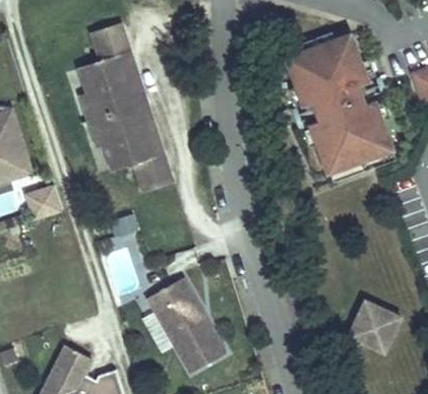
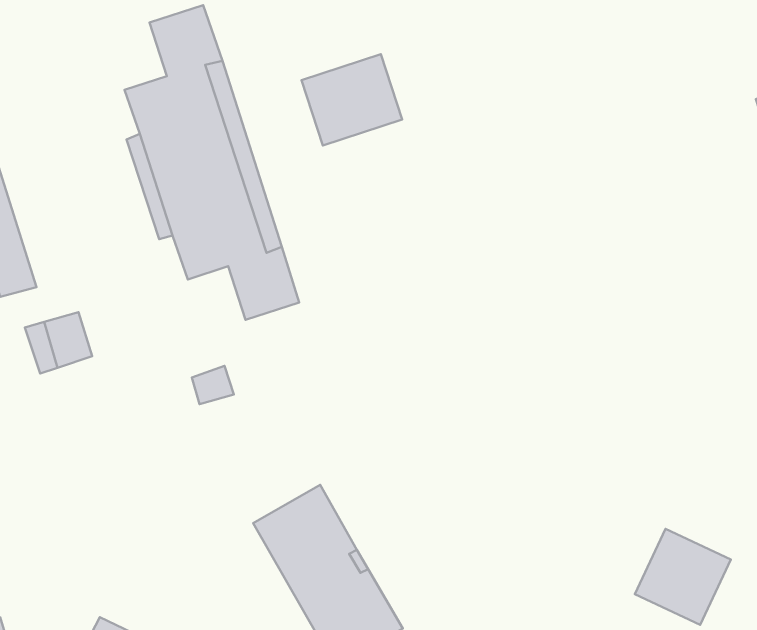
building: [288,35,395,182] -> none
building: none -> [301,54,402,145]

